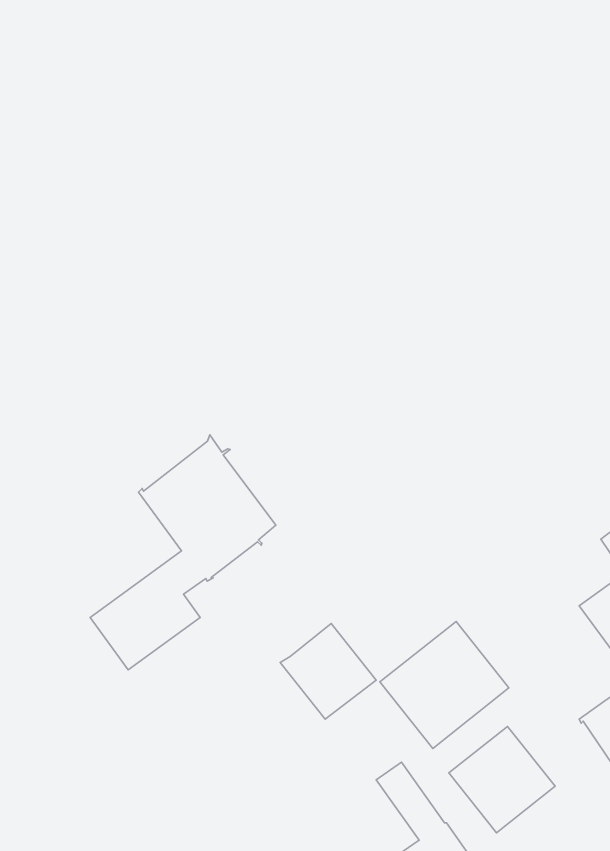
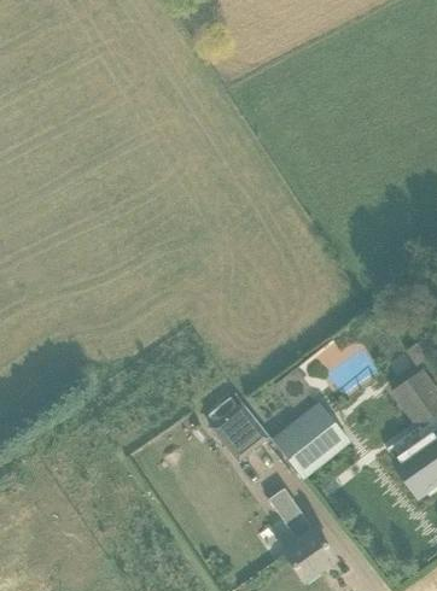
building: [90,435,276,670] -> none
building: [449,726,555,833] -> none

